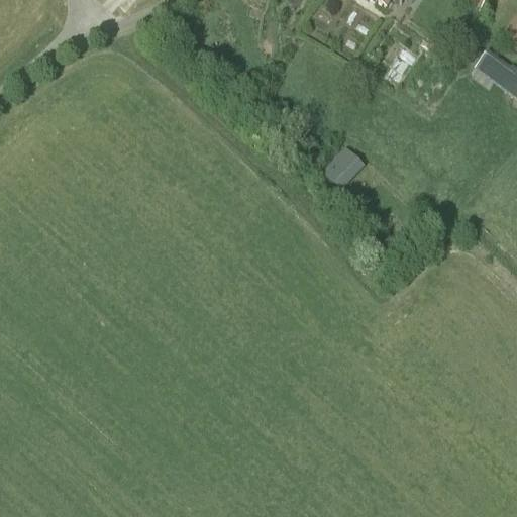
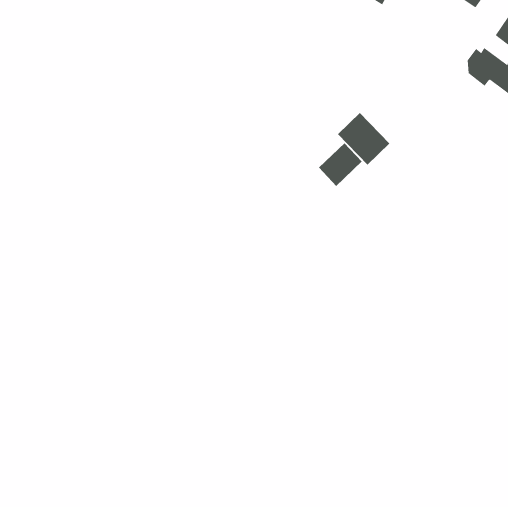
building: none -> [337,112,390,166]

